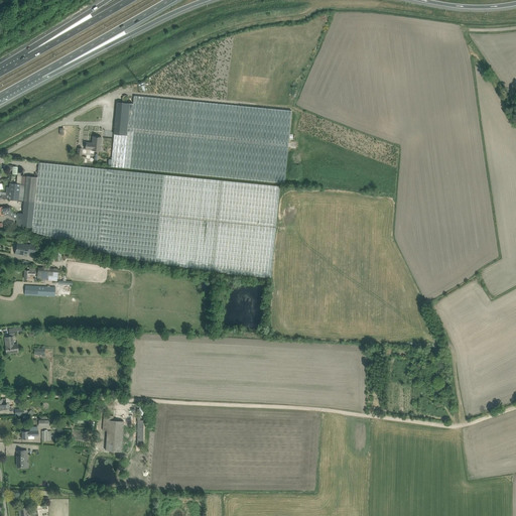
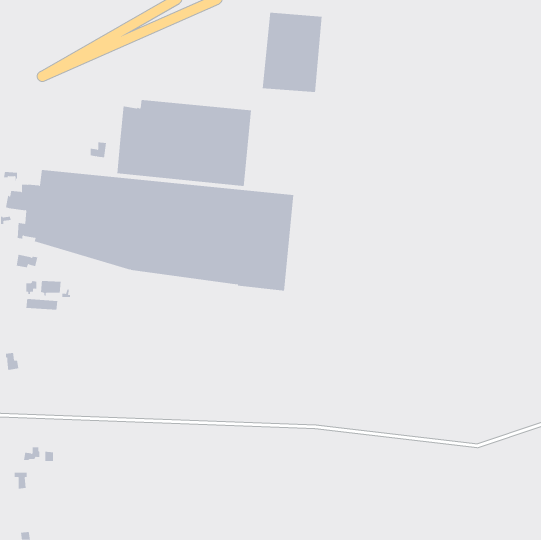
building: [234,105,291,181] -> [262,12,322,93]
building: [103,414,124,450] -> none

